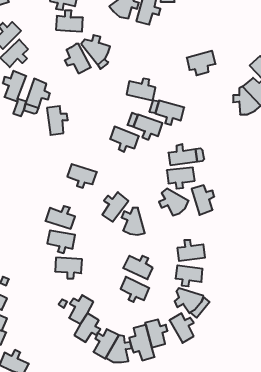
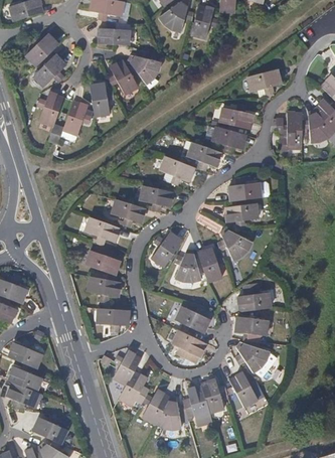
building: [127,79,155,100] -> [219,104,253,129]
building: none -> [276,112,302,150]
building: [47,106,68,135] -> [90,84,114,117]
building: none -> [140,185,172,212]
building: none -> [85,216,119,246]
building: [192,185,214,215] -> [197,248,223,282]

